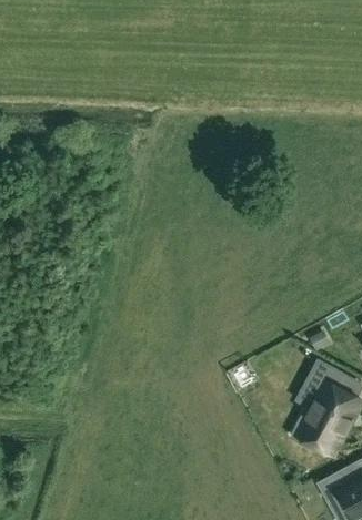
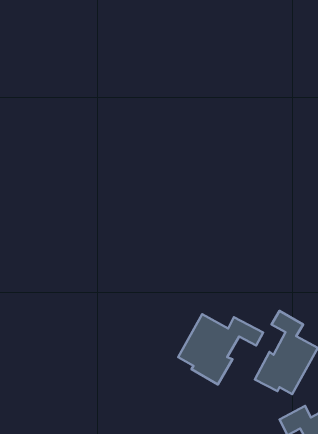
building: none -> [178,314,263,385]

